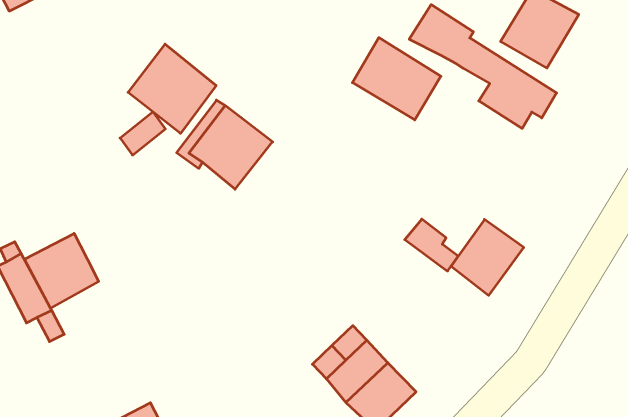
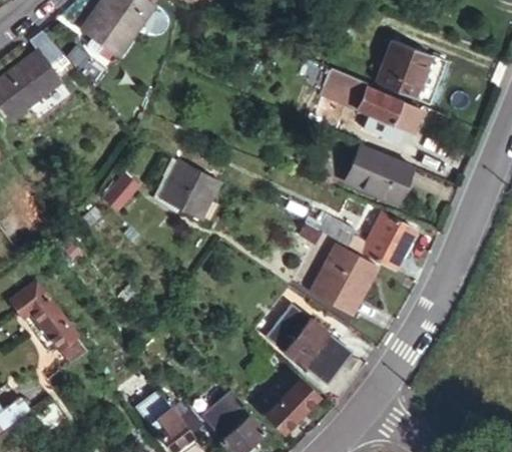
building: [352,38,441,120] -> [342,144,406,200]
building: [128,44,216,133] -> none
building: [25,233,99,308] -> none
building: none -> [309,248,376,316]

